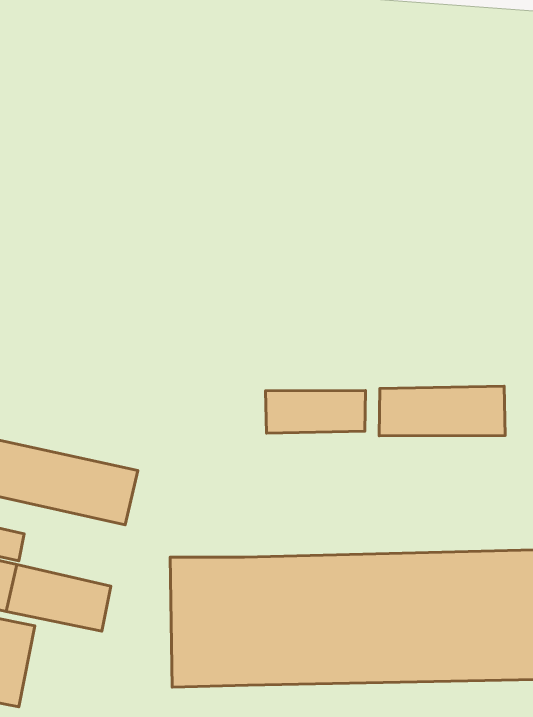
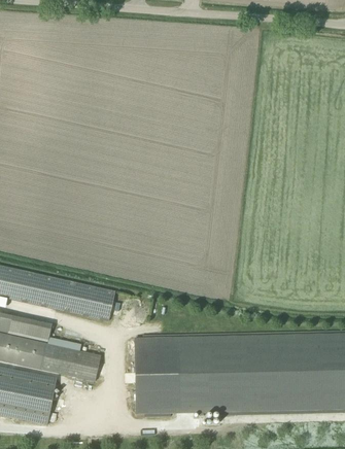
building: [379,386,505,436] -> none
building: [266,391,366,433] -> none

